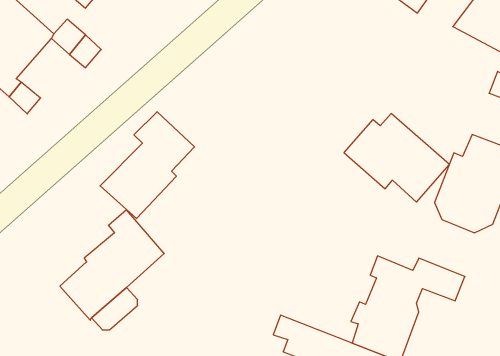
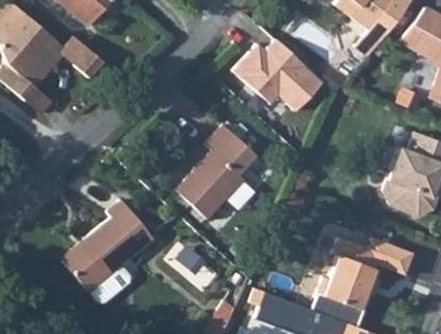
building: [100,112,195,219] -> [177,125,257,216]
building: [344,114,449,202] -> [236,38,326,113]

